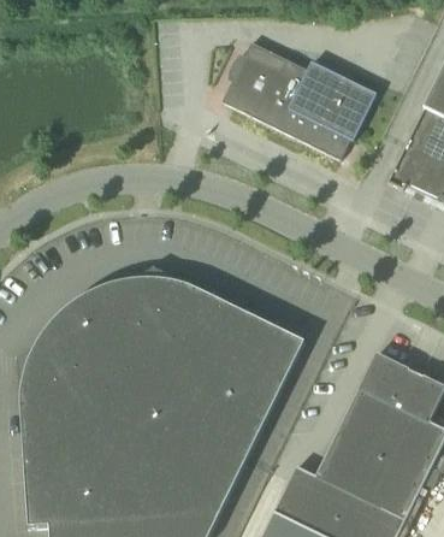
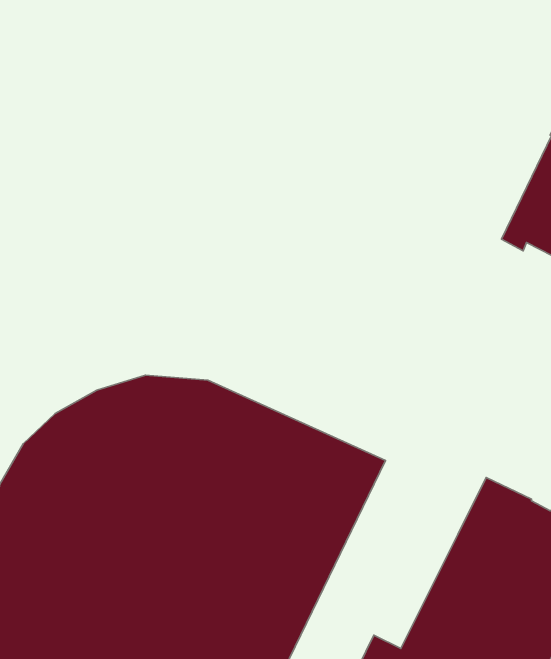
building: [223,40,377,158] -> none

